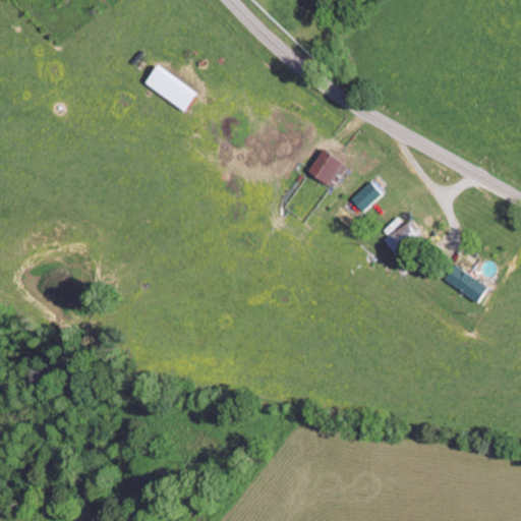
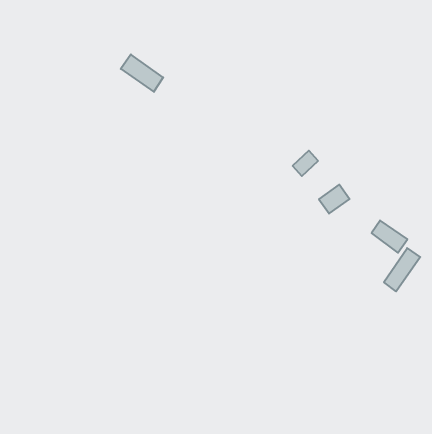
building: [308,148,347,185] -> none
building: none -> [384,248,420,291]

